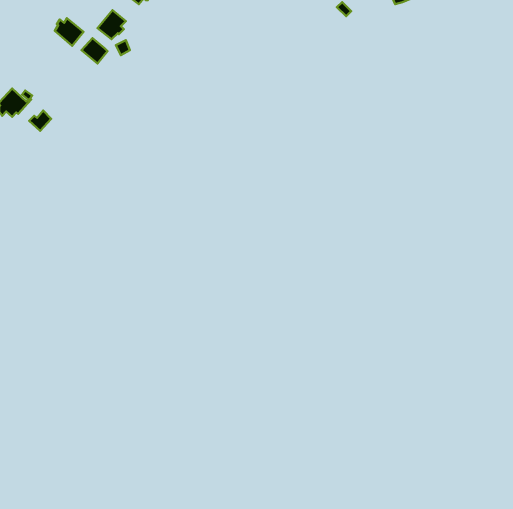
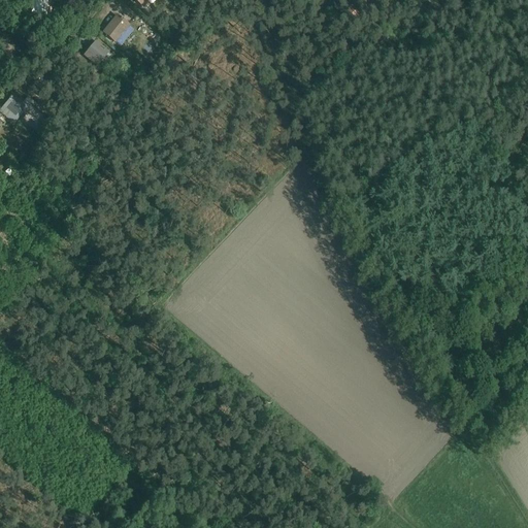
building: [55,18,84,46] -> none

